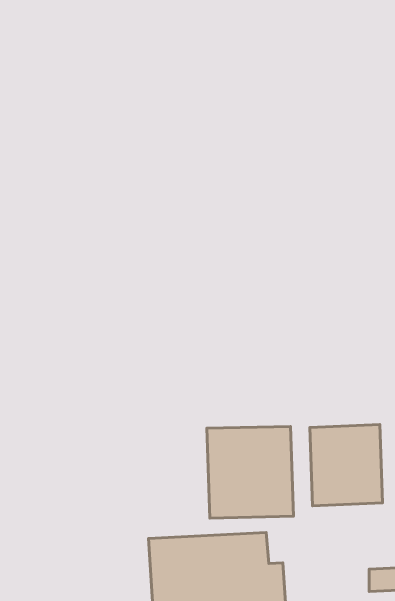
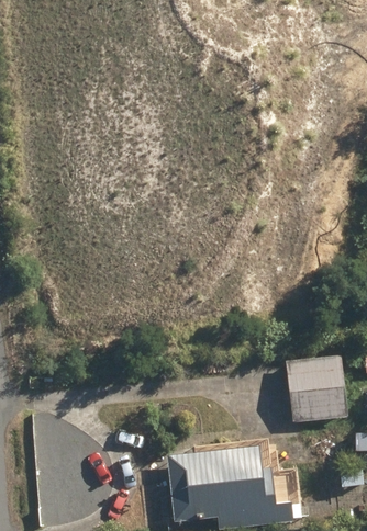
building: [207,426,293,518] -> none

